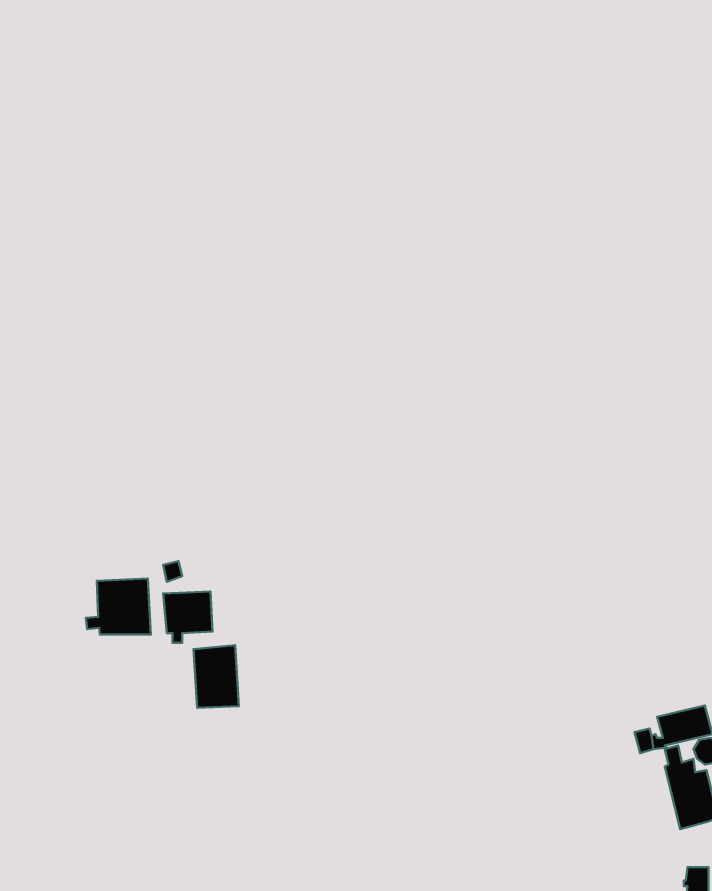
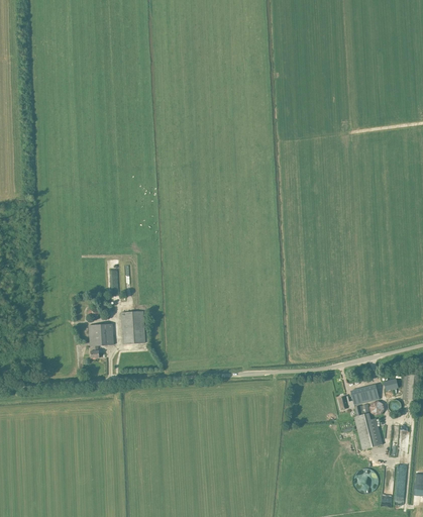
building: [86,578,151,635] -> none
building: [193,645,239,708] -> [121,310,145,343]

